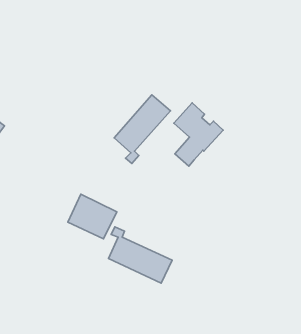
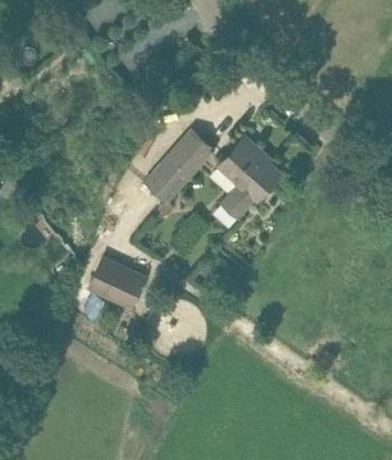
building: [108,227,172,283] -> none

